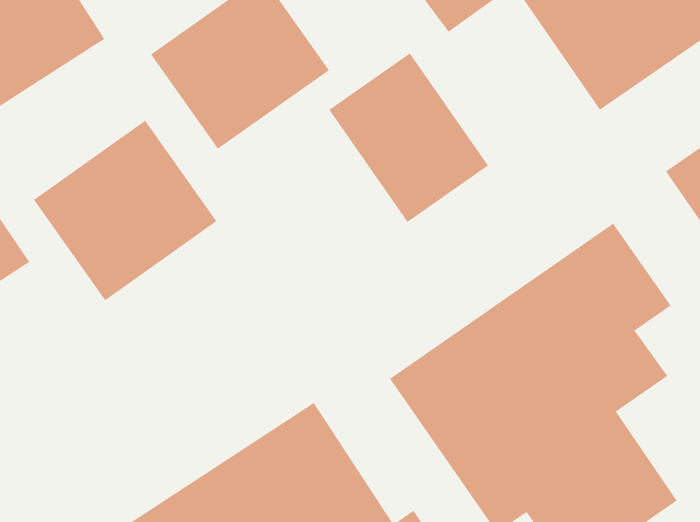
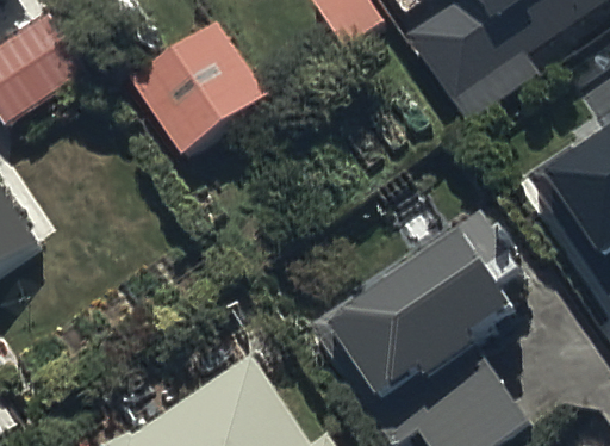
building: [328,53,489,223] -> none
building: [33,120,217,301] -> none

